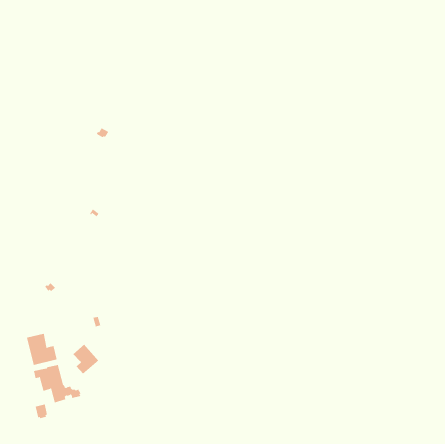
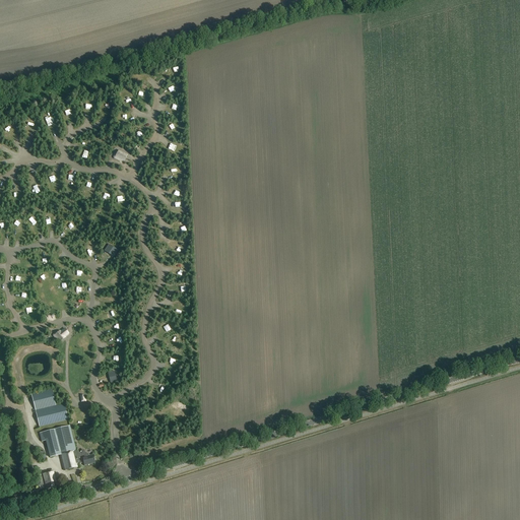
building: [72,344,99,375] -> none

